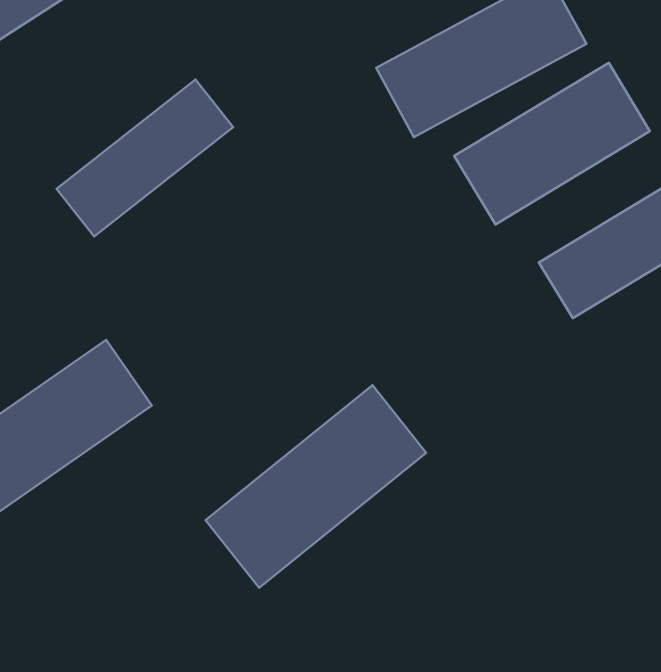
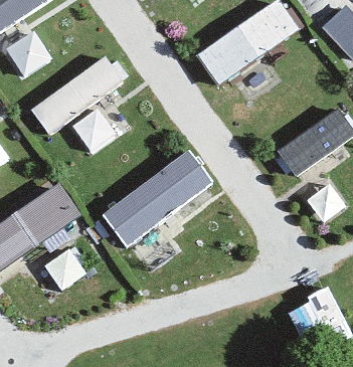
building: [454,63,650,224] -> none
building: [206,385,426,588] -> [102,145,213,247]

